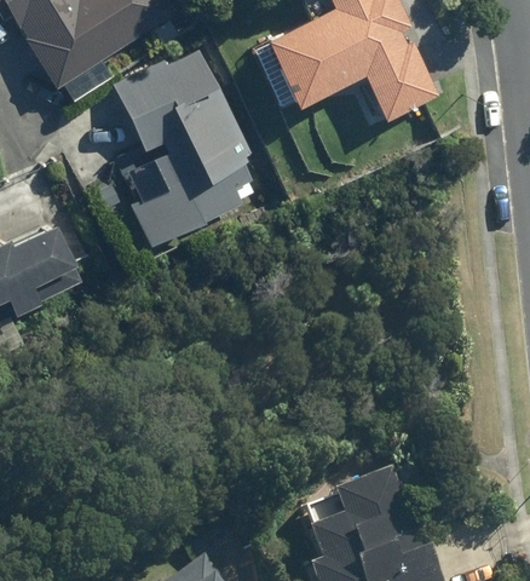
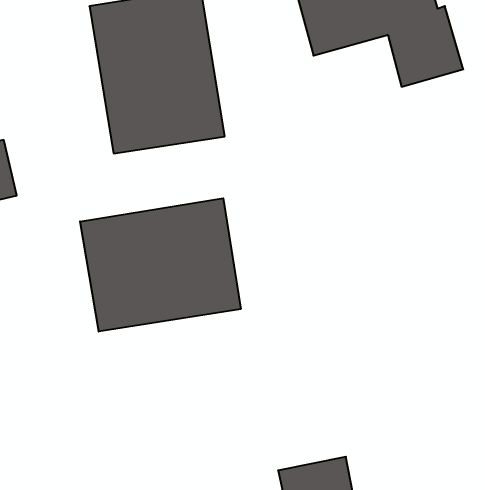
building: none -> [80,198,241,332]

